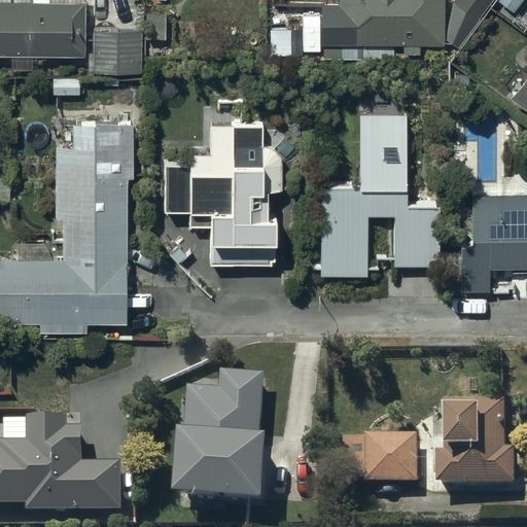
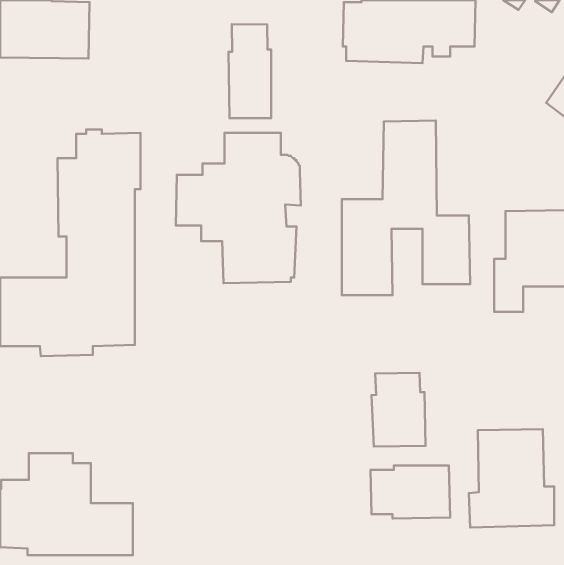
building: none -> [229,24,271,118]
building: [93,30,142,72] -> none
building: none -> [372,373,426,447]
building: [178,368,277,504] -> none

